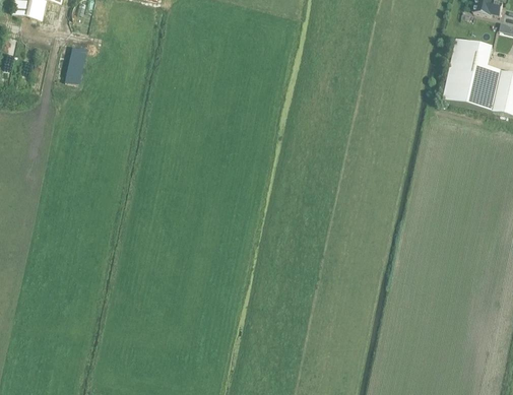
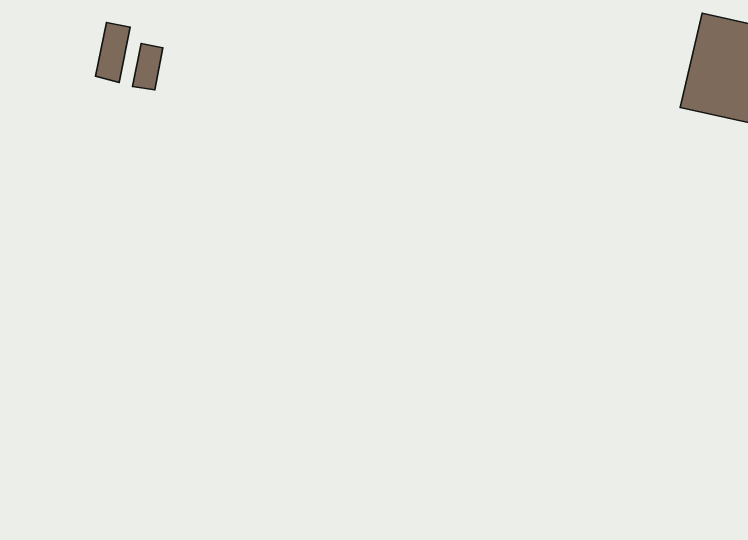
building: none -> [132,44,163,90]

